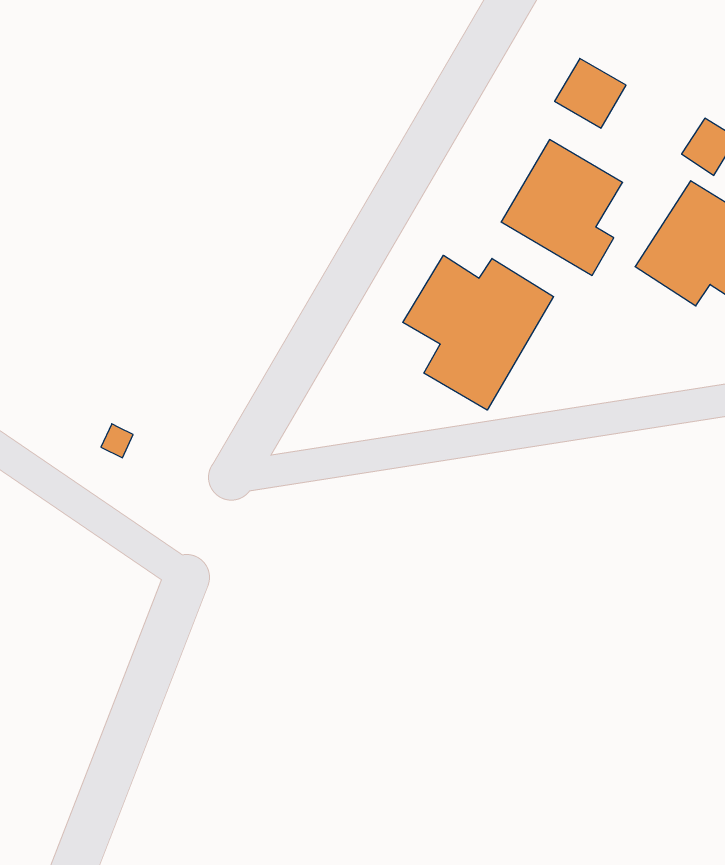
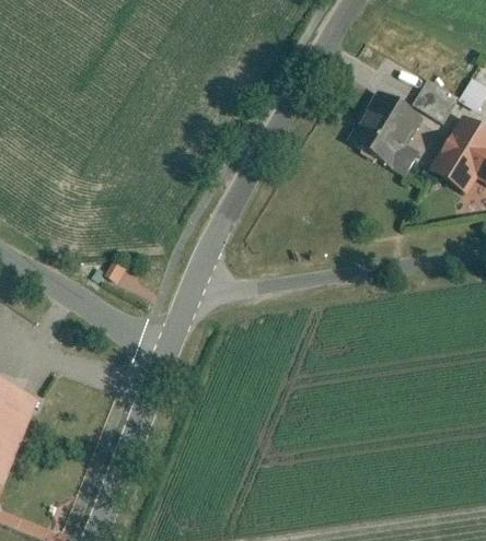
building: [555,58,626,128] -> [414,78,458,120]
building: [403,255,554,410] -> none

